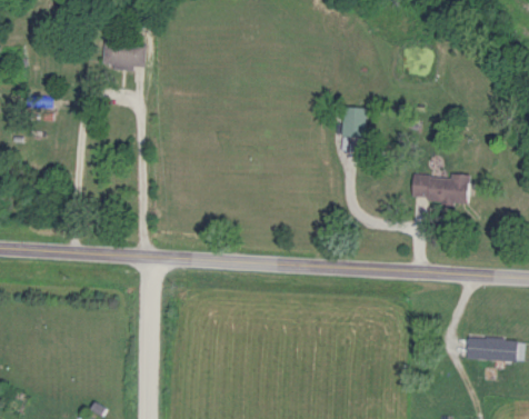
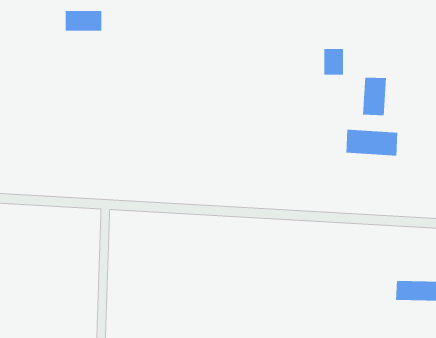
building: [342,107,365,137] -> [324,48,344,76]
building: none -> [362,77,387,116]

